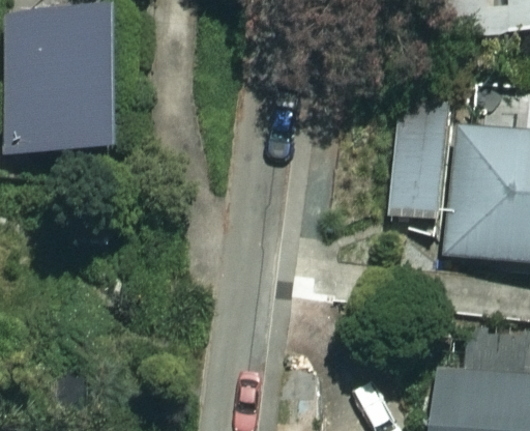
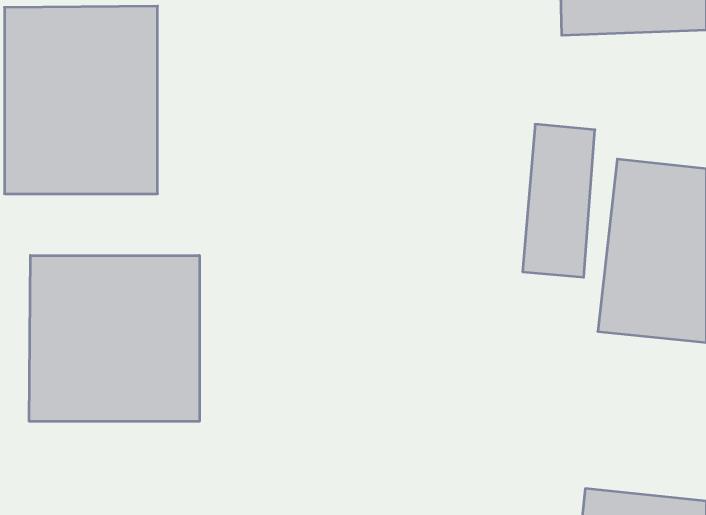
building: none -> [29,255,199,421]

